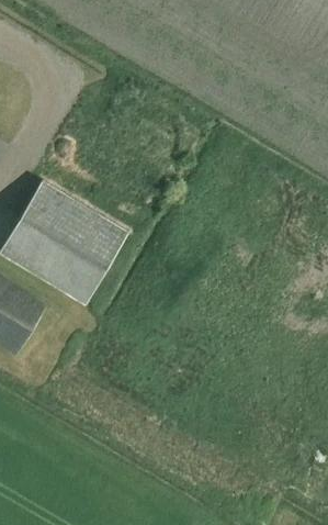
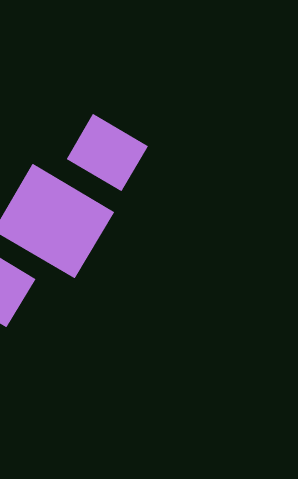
building: none -> [66,113,149,192]

